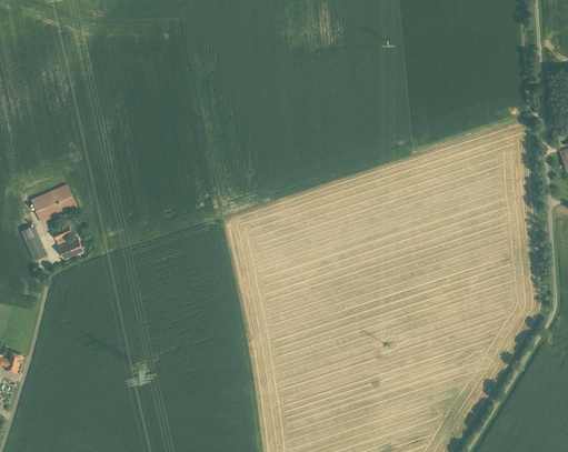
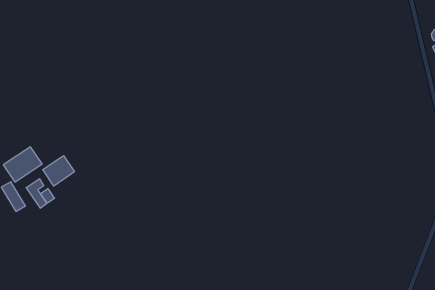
building: none -> [43,156,74,186]

